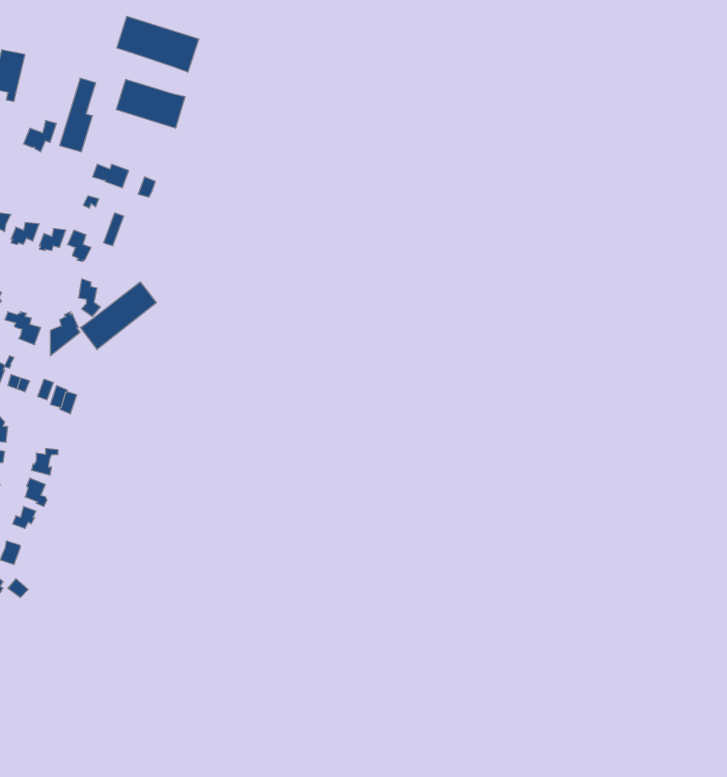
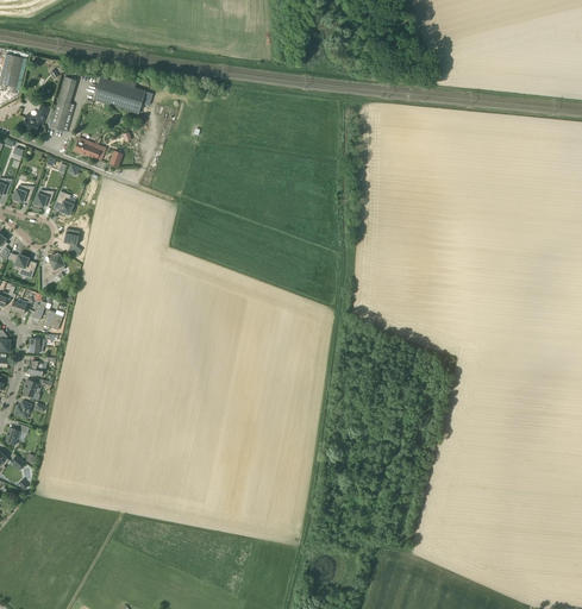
building: [117,16,199,72] -> none
building: [80,282,157,350] -> none

